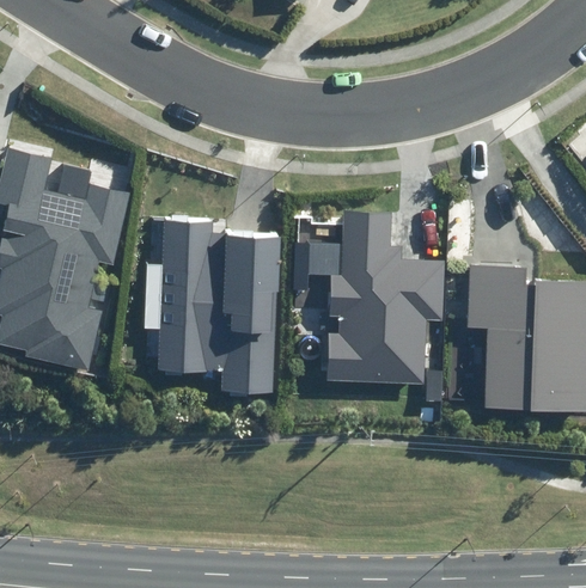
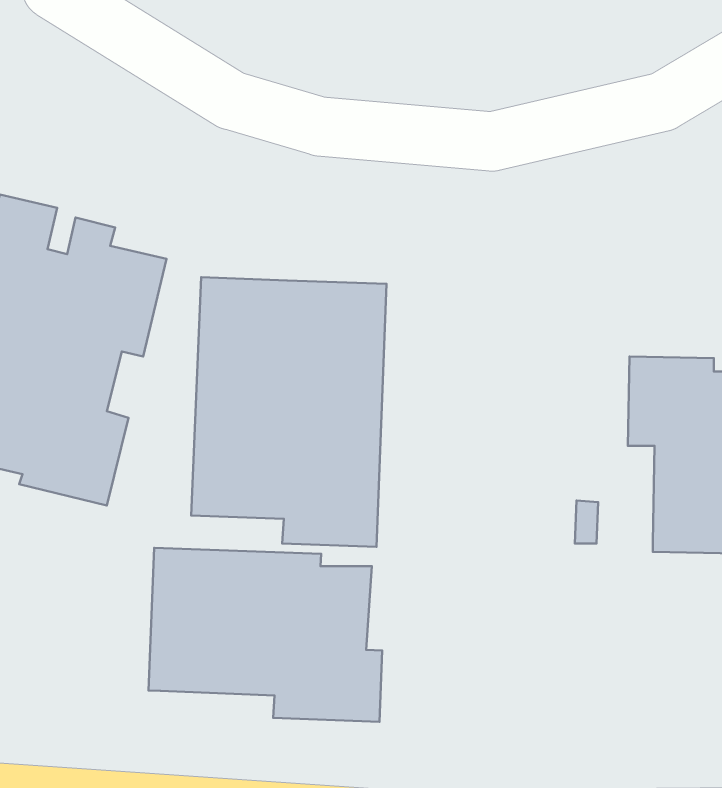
building: [306,210,442,385] -> none
building: none -> [149,548,382,722]

